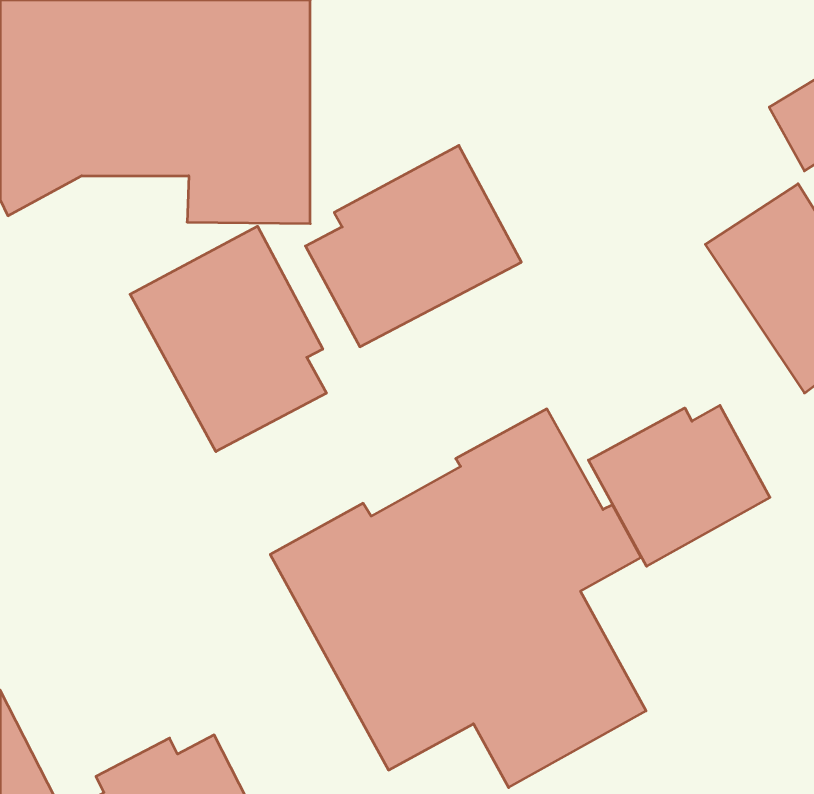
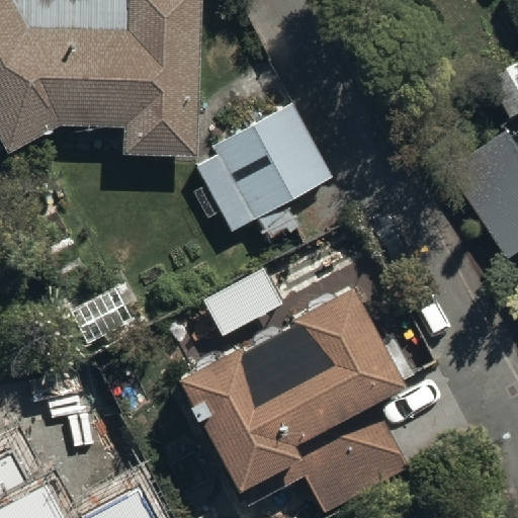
building: [130,226,326,452] -> none
building: [588,405,770,566] -> none

